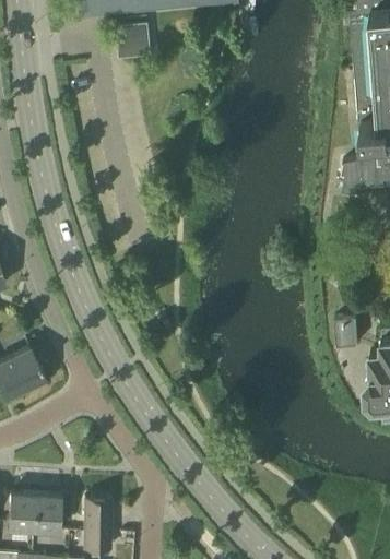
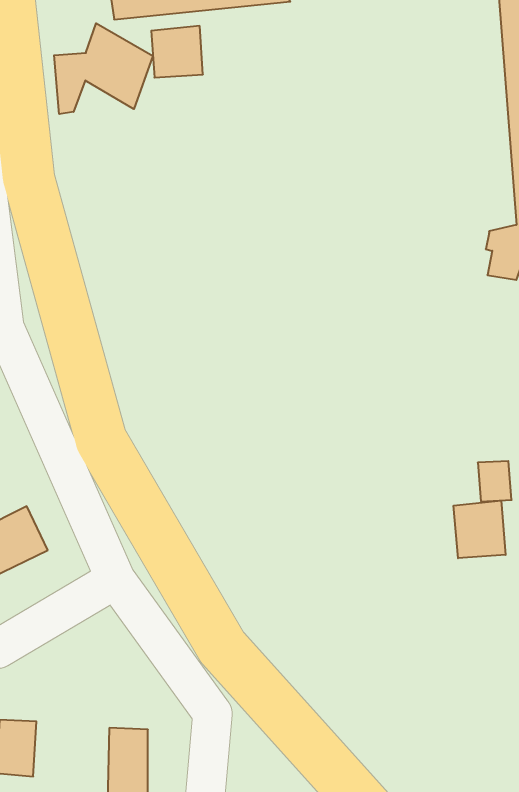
building: none -> [54,23,153,114]
building: none -> [454,501,506,558]
building: [34,495,61,533] -> none

